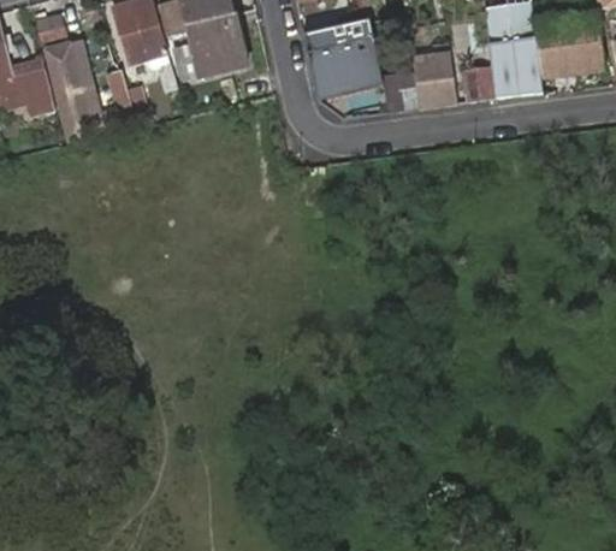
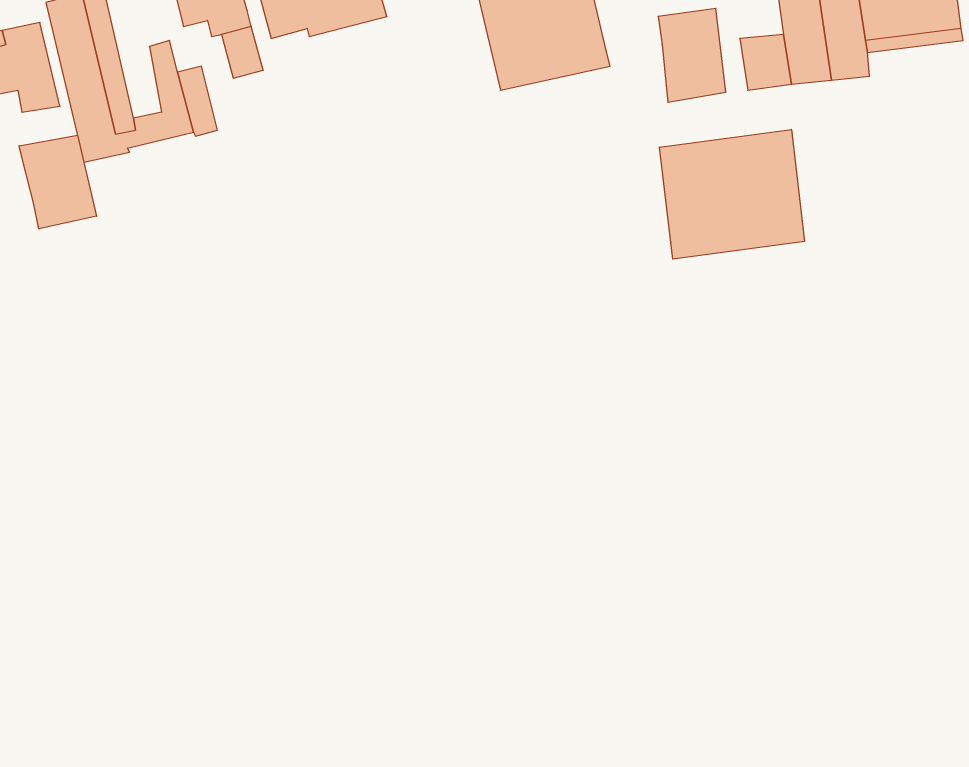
building: [383,72,420,111] -> none
building: none -> [659,129,805,259]
building: none -> [19,135,97,229]

